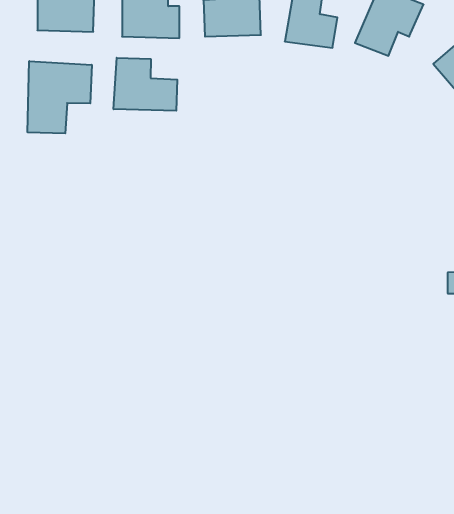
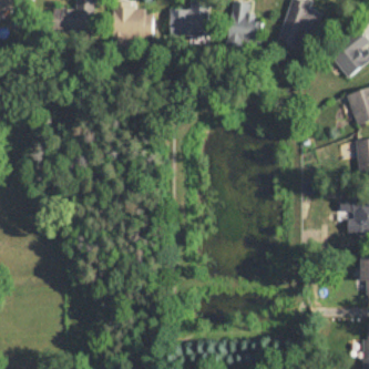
building: [114,58,177,111] -> none
building: [28,61,92,133] -> none

